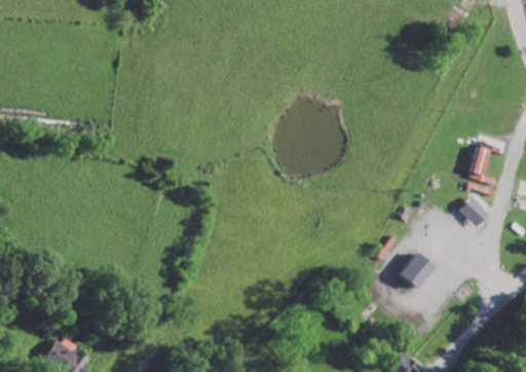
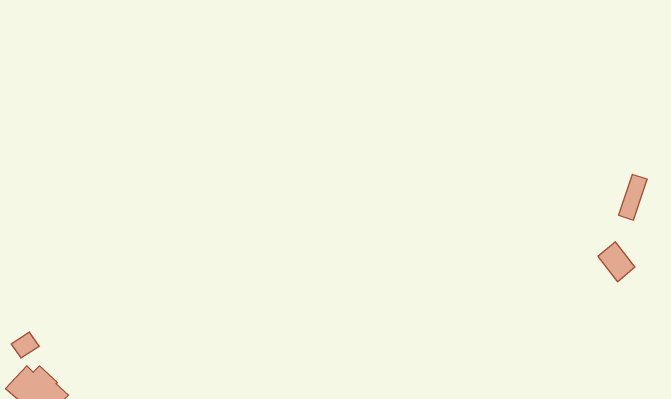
building: [398,251,431,287] -> none

